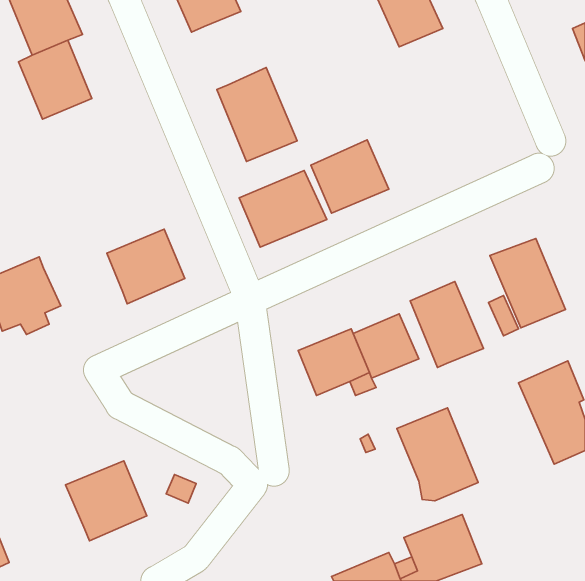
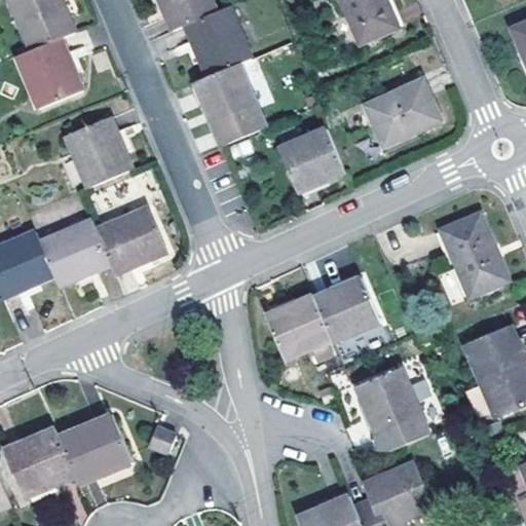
building: none -> [183,4,251,76]
building: none -> [365,78,441,144]
building: none -> [66,116,129,186]
building: [239,170,327,247] -> none
building: none -> [39,217,110,289]
building: [410,282,483,368] -> none
building: none -> [4,427,76,497]

